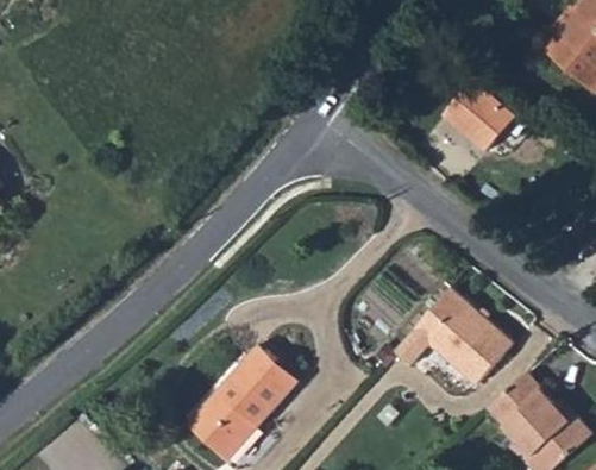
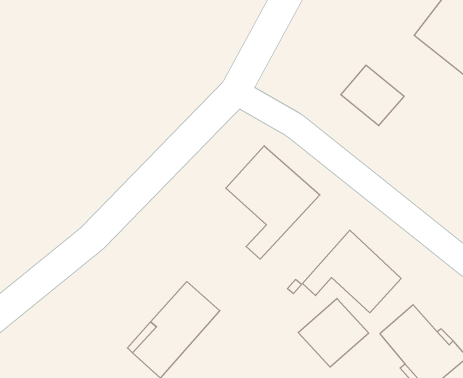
building: none -> [226,146,320,259]
building: none -> [298,298,369,367]

